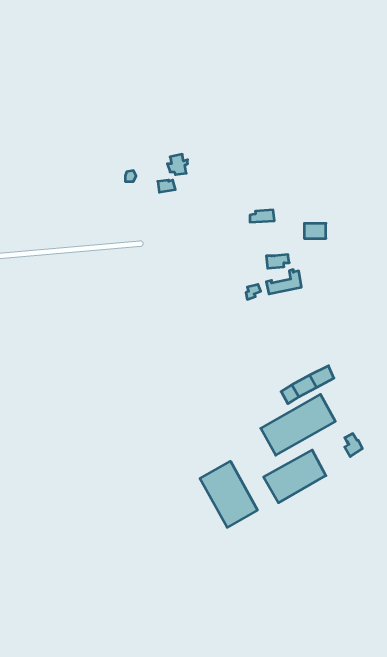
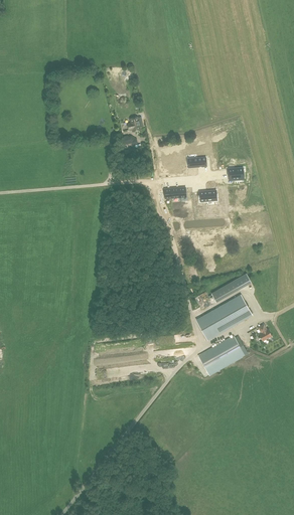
building: [200,461,257,527] -> none

